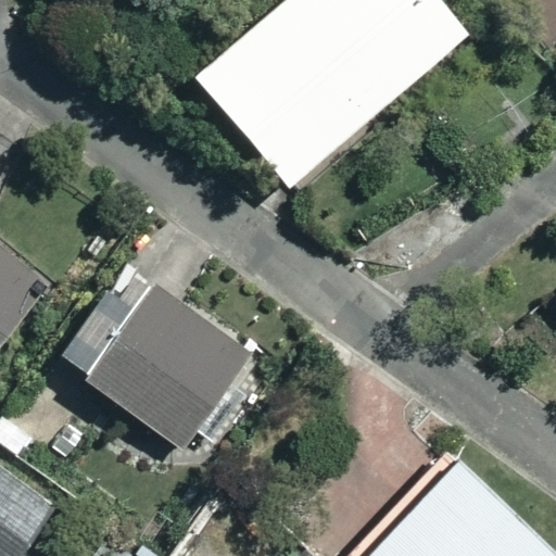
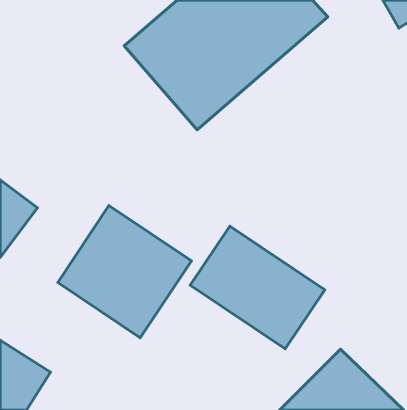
building: none -> [190,226,325,349]

